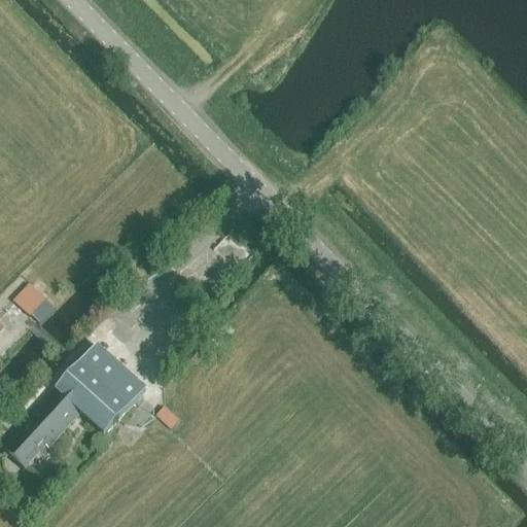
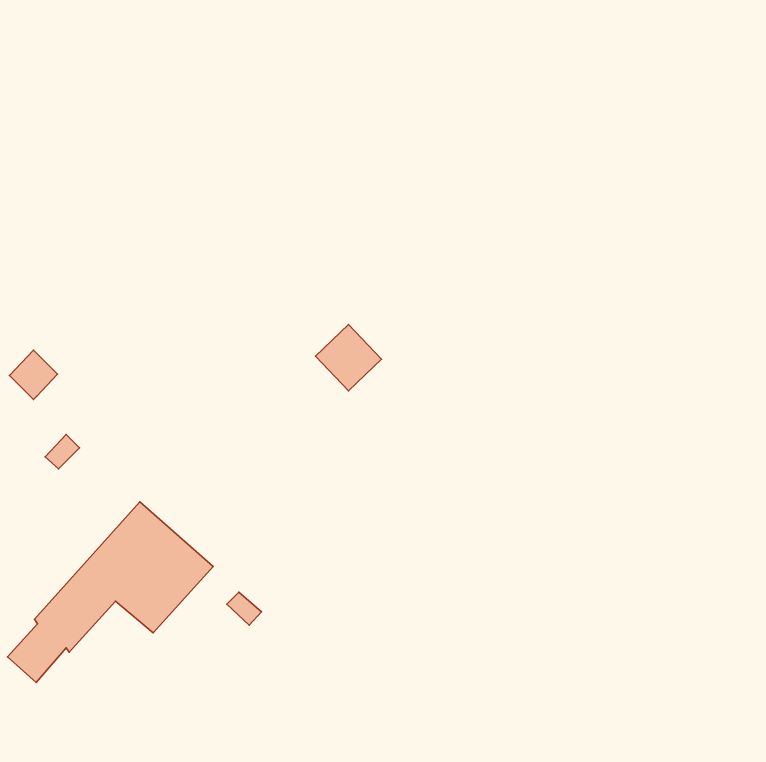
building: [13,281,46,315] -> [9,350,58,400]

